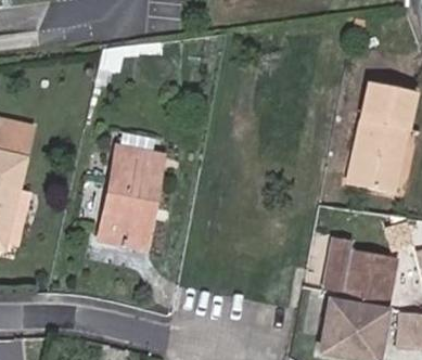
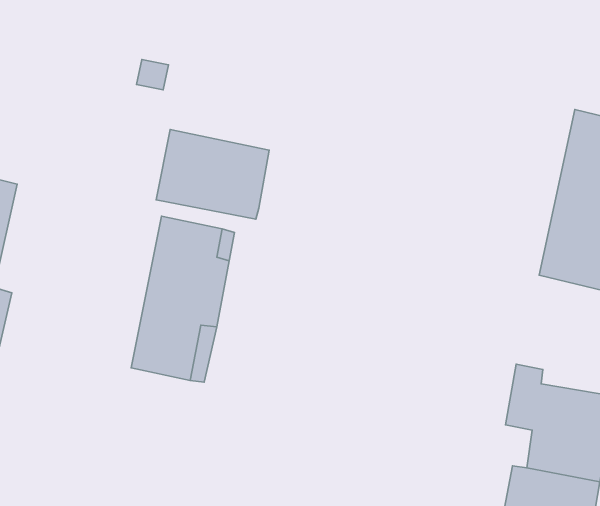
building: none -> [156,130,269,219]

